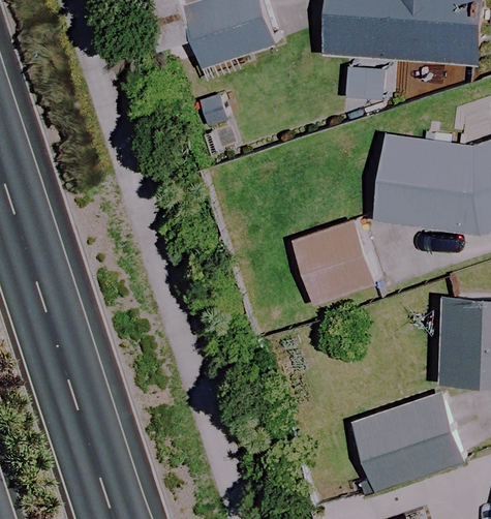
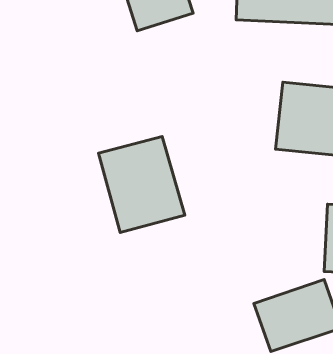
building: none -> [99,136,185,233]
building: [293,223,373,304] -> none

